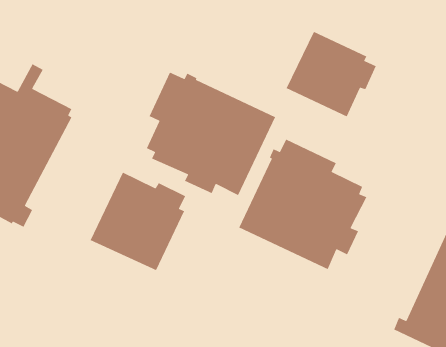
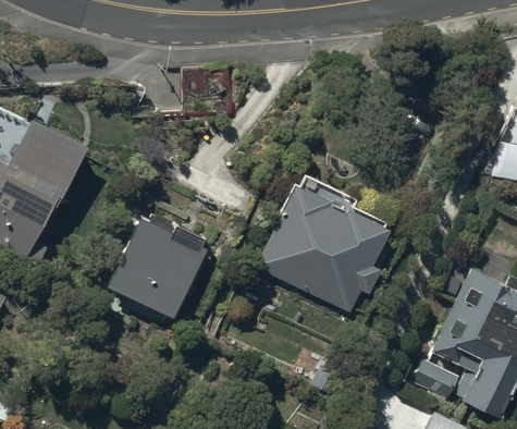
building: [286,31,377,117] -> none
building: [146,71,276,196] -> none

